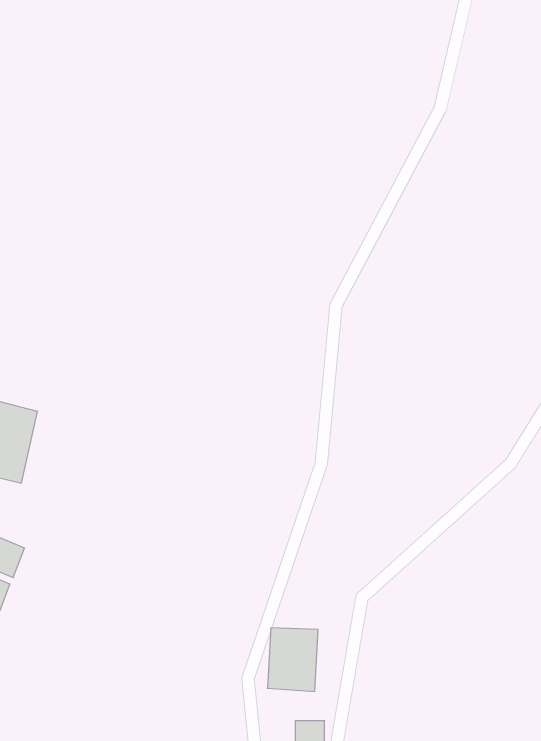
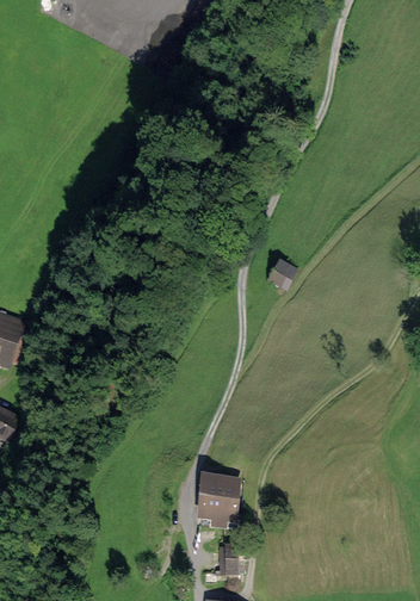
building: none -> [261,260,294,289]

